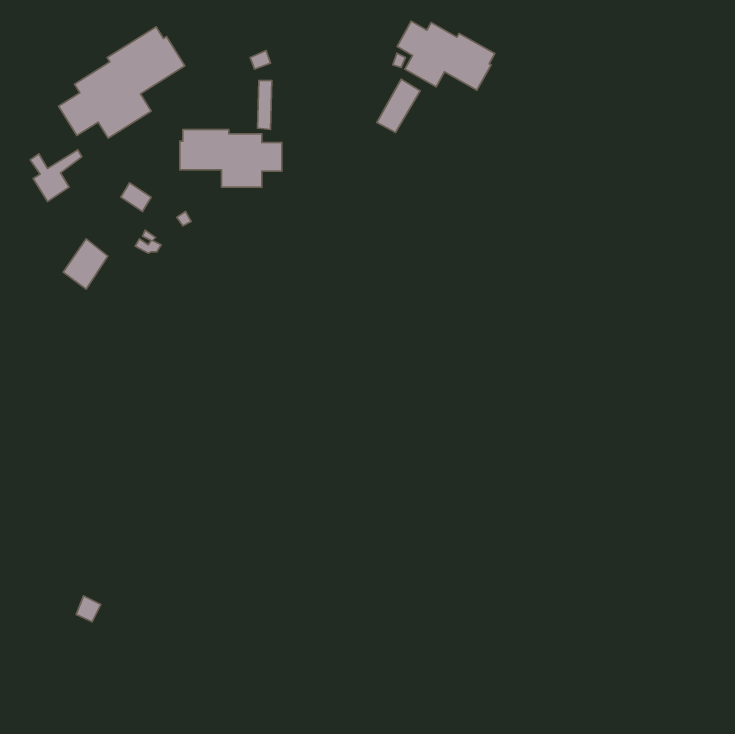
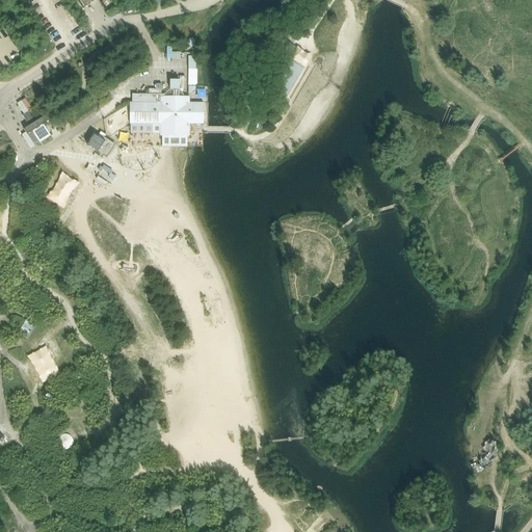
building: [397,21,495,90] -> none
building: [58,27,185,138] -> none

